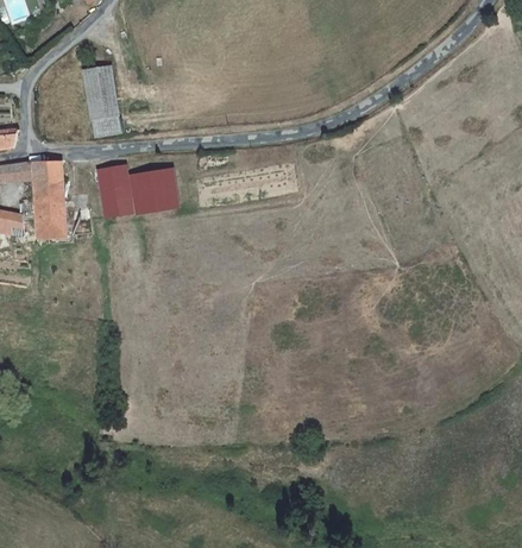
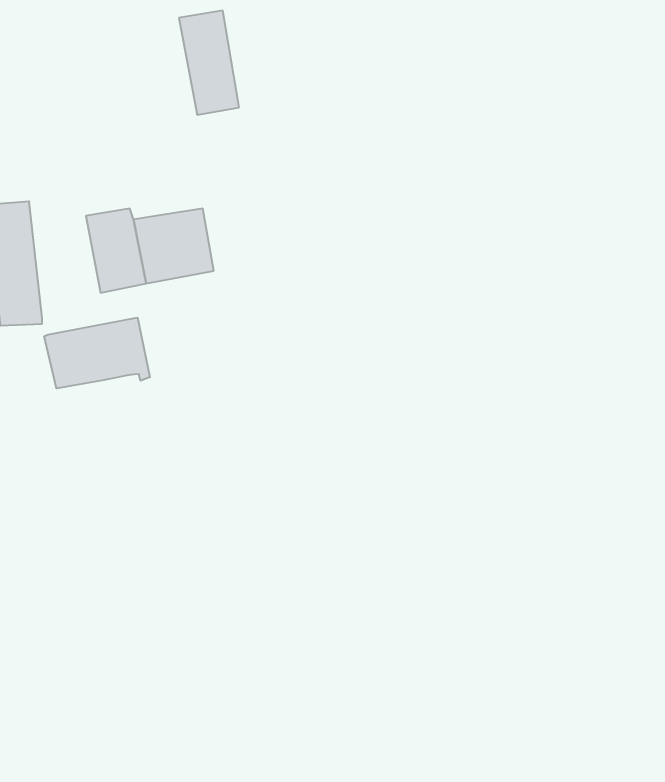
building: [83,68,122,136] -> [179,11,239,115]
building: none -> [44,318,150,388]

